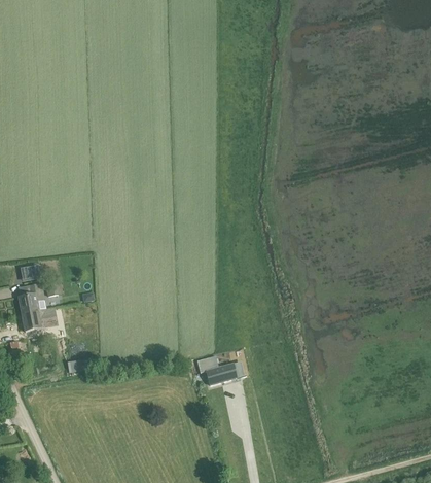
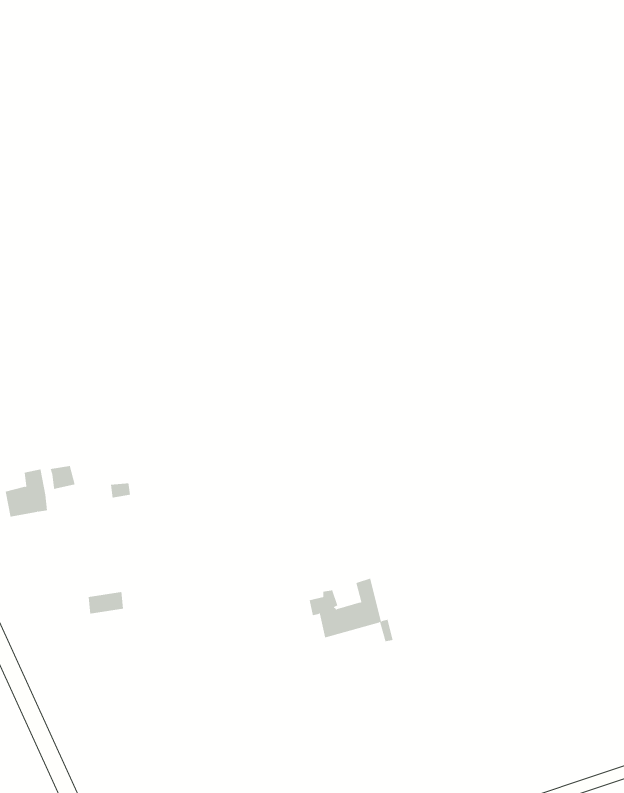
building: [21,310,47,332] -> none

